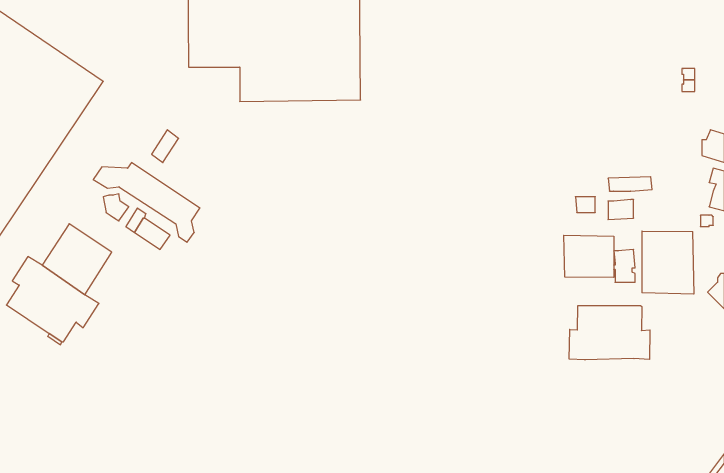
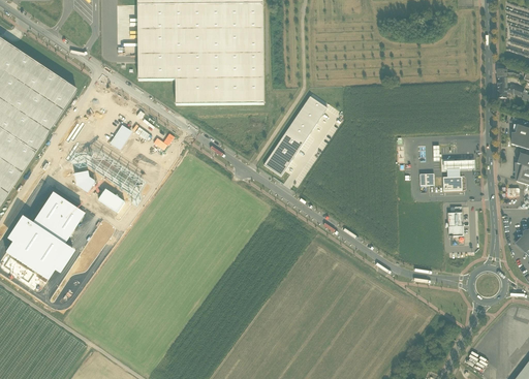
building: none -> [263,95,328,175]
building: [642,231,694,294] -> none
building: [564,235,614,277] -> none
building: [569,306,650,360] -> none

